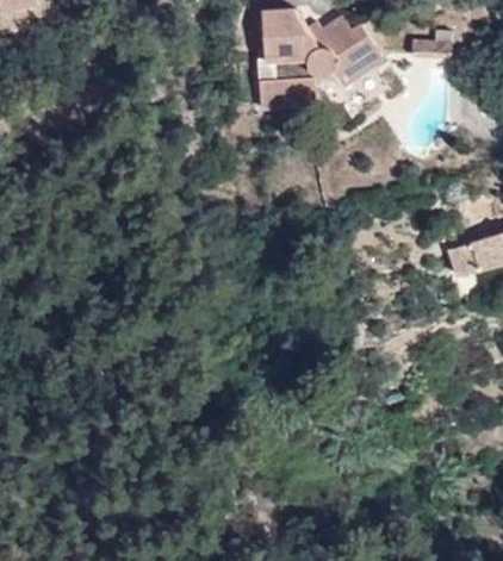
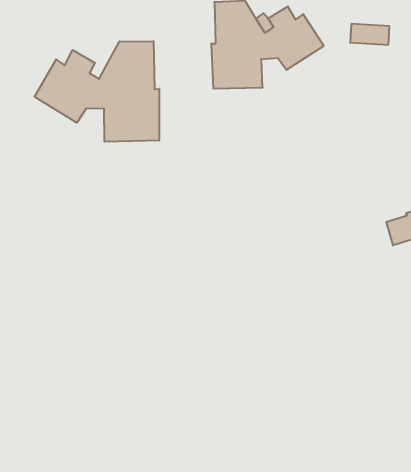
building: none -> [35,41,159,142]

